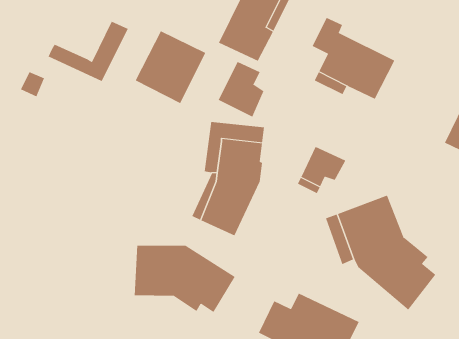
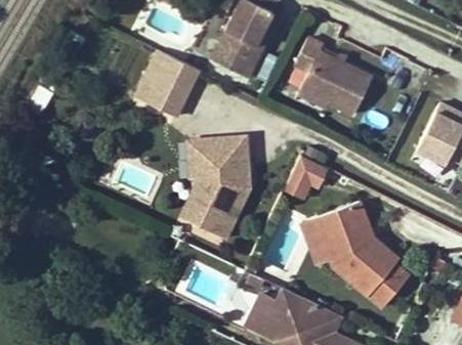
building: [48,21,128,82] -> none
building: [218,61,264,118] -> none
building: [134,245,236,313] -> none

